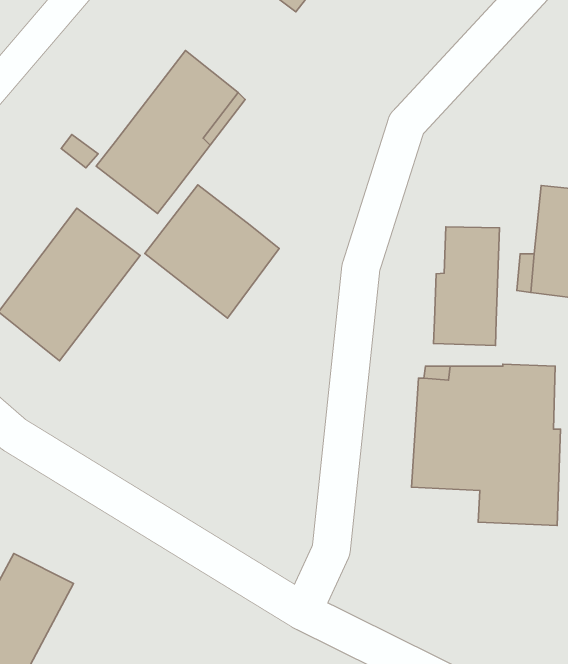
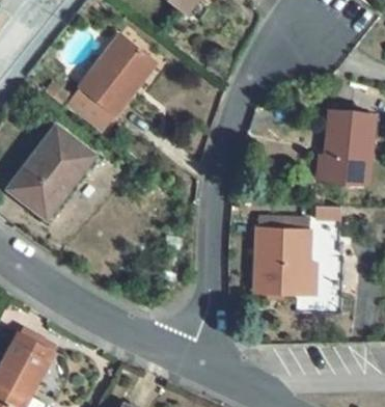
building: [145,185,279,318] -> none
building: [433,227,500,346] -> none

